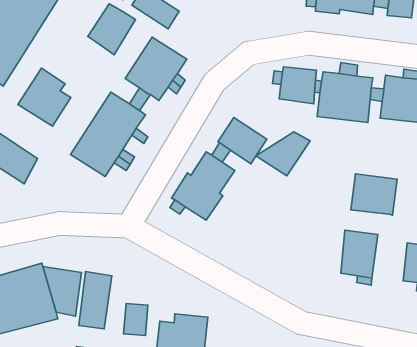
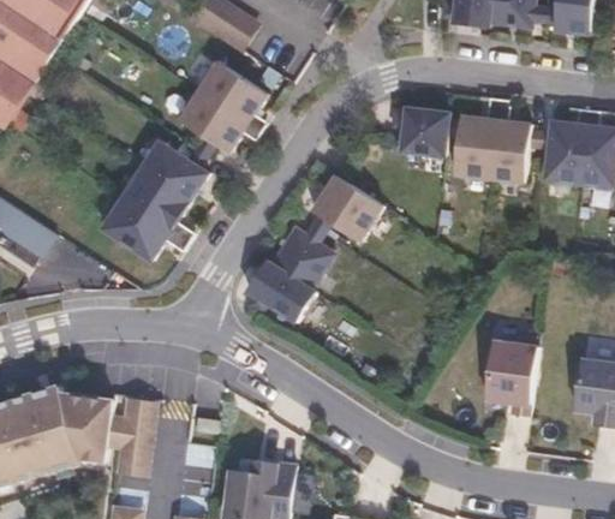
building: [88,4,135,55] -> none
building: [18,68,71,126] -> none
building: [256,132,310,176] -> none
building: [351,174,397,215] -> none

